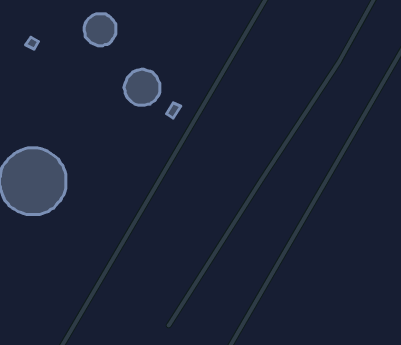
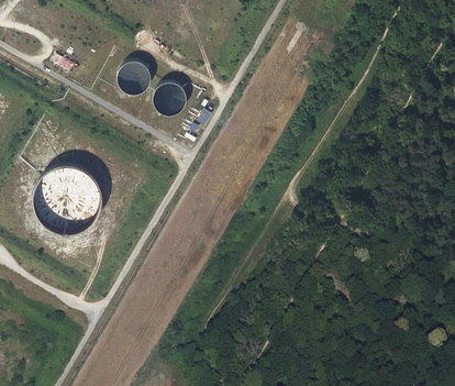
building: [84,14,116,46] -> [118,63,149,95]

